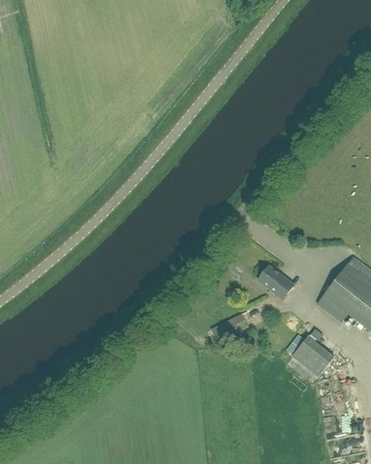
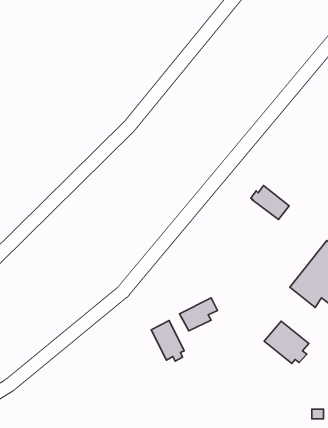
building: [256,265,293,298] -> [251,186,289,219]
building: none -> [151,320,184,361]

